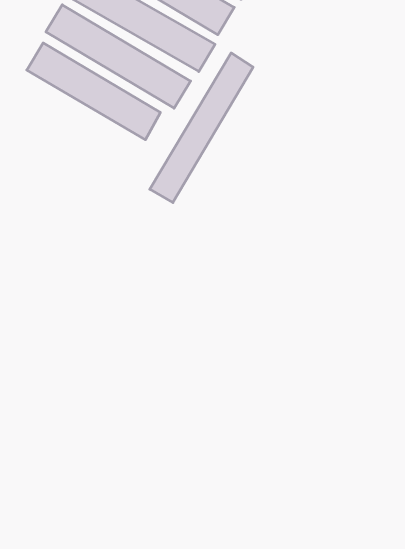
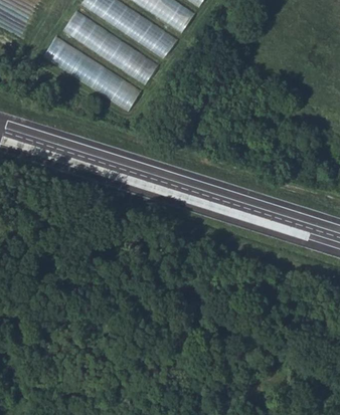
building: [150,53,253,203] -> none

